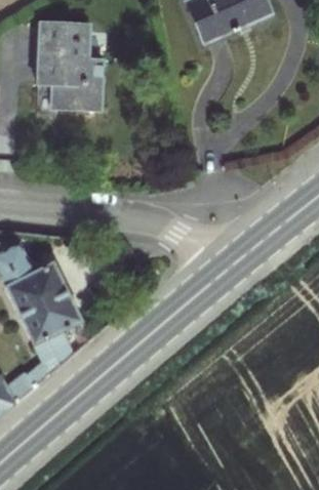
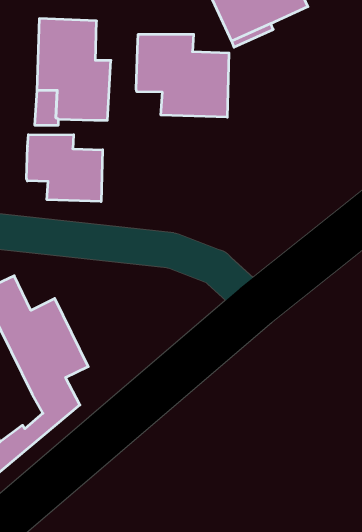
building: none -> [136,34,229,117]
building: none -> [27,135,103,202]

